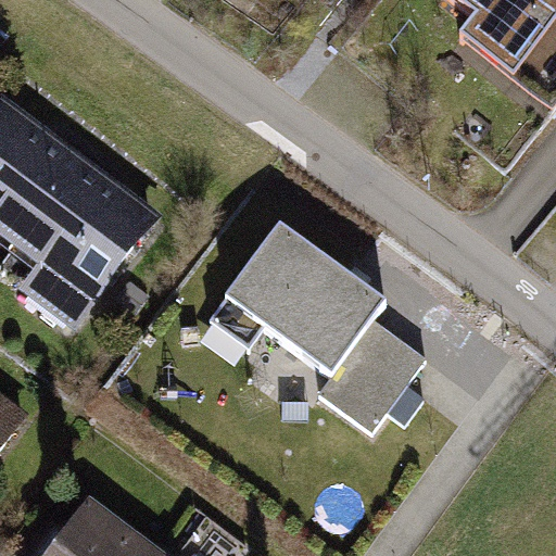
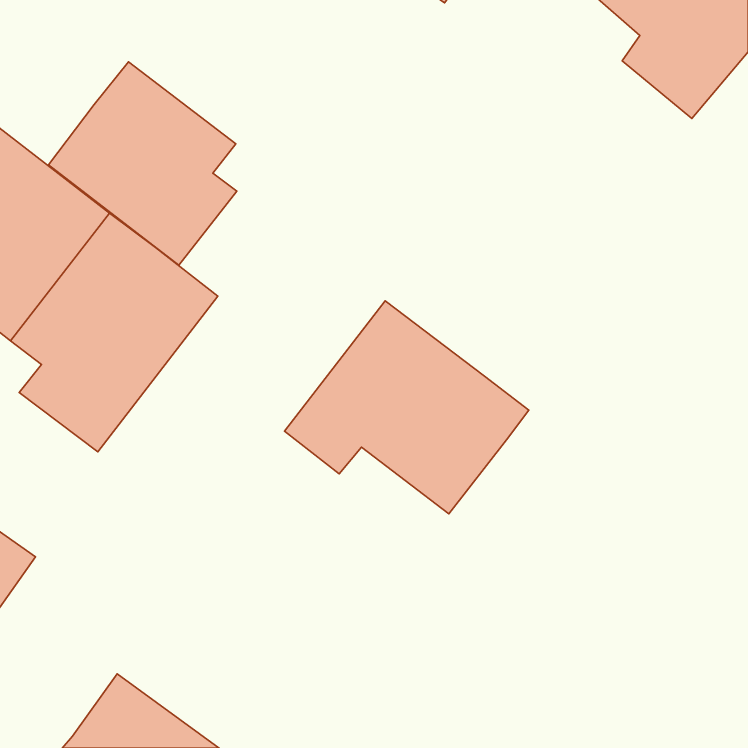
building: none -> [49,62,237,265]
building: [316,323,422,433] -> none

